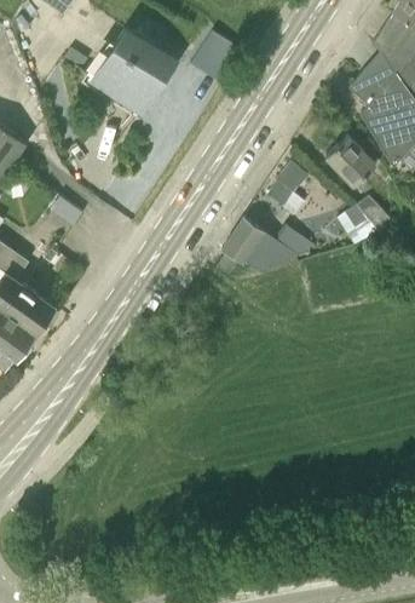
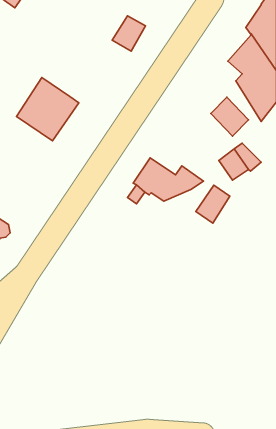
building: [92,27,175,111] -> [16,78,79,141]
building: [266,162,307,206] -> none
building: none -> [196,185,230,223]

